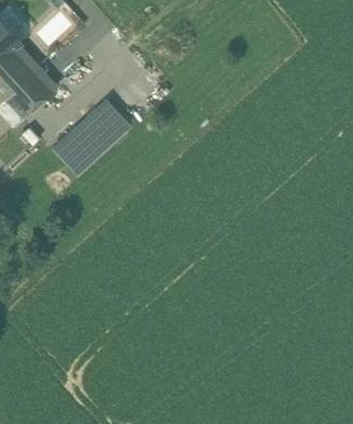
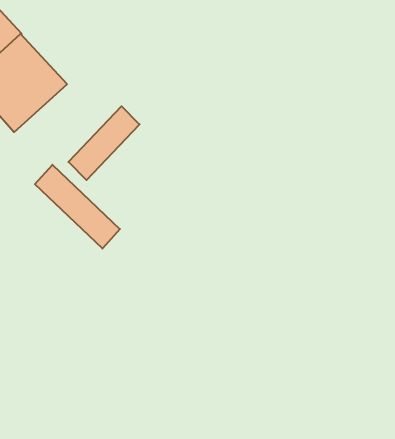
building: none -> [35,165,120,249]

